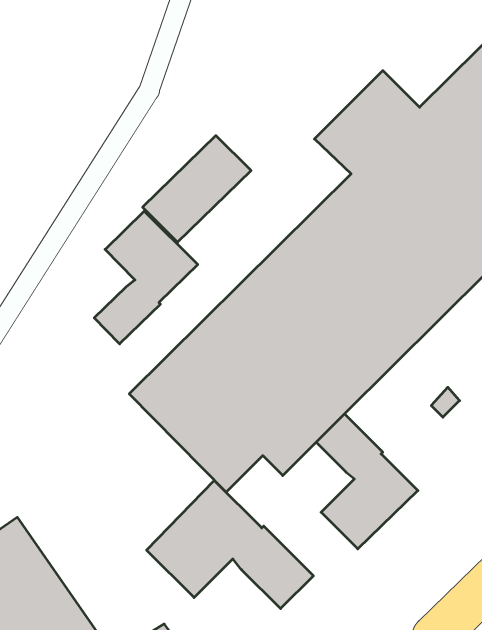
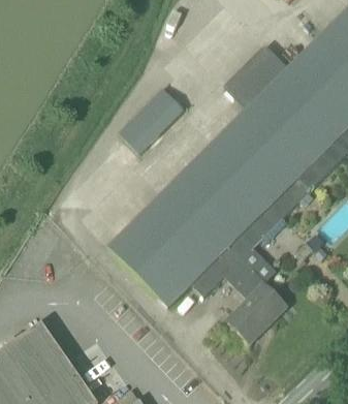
building: [94,211,198,344] -> none
building: [147,480,313,609] -> none

